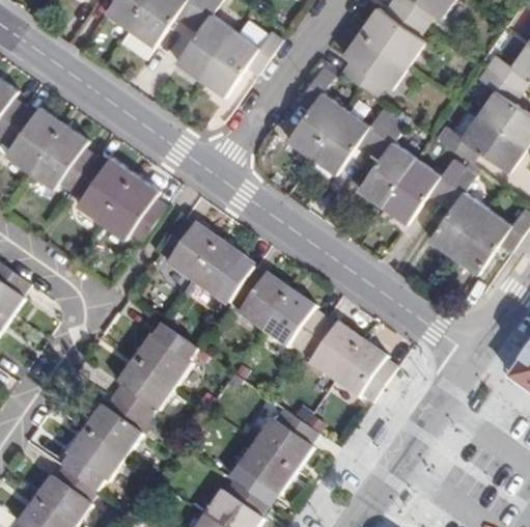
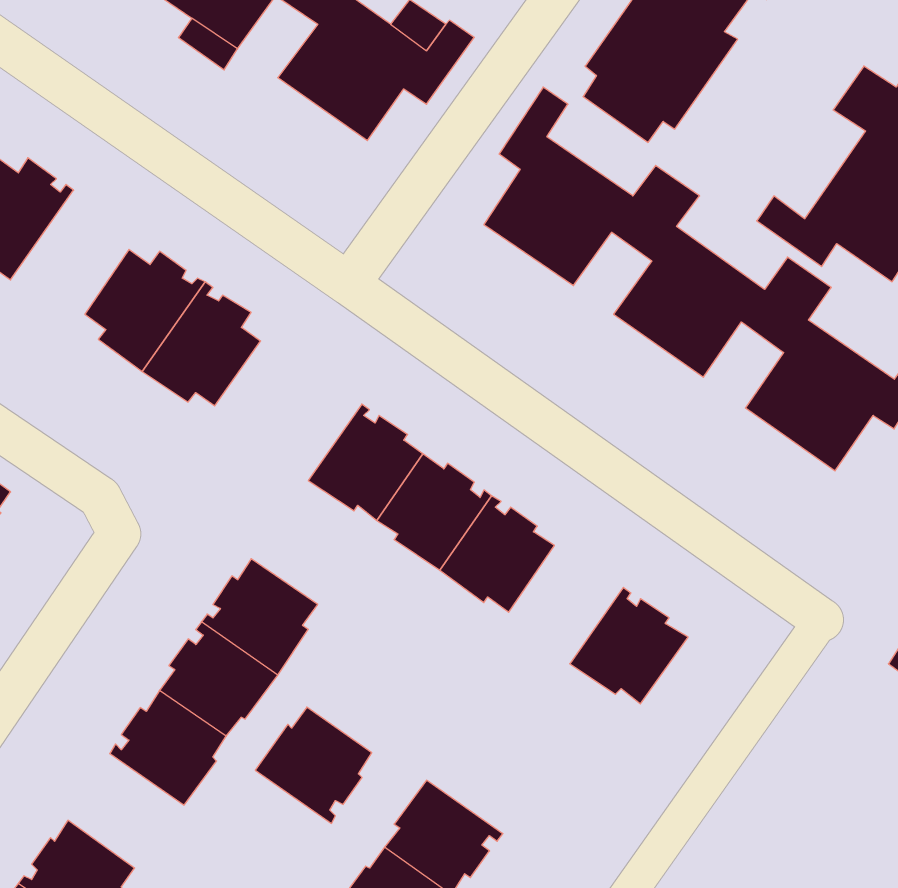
building: [29,122,93,190] -> none
building: [157,216,220,280] -> none
building: [300,315,362,380] -> none
building: [255,409,318,472] -> [255,707,372,823]
building: [60,428,123,491] -> none

